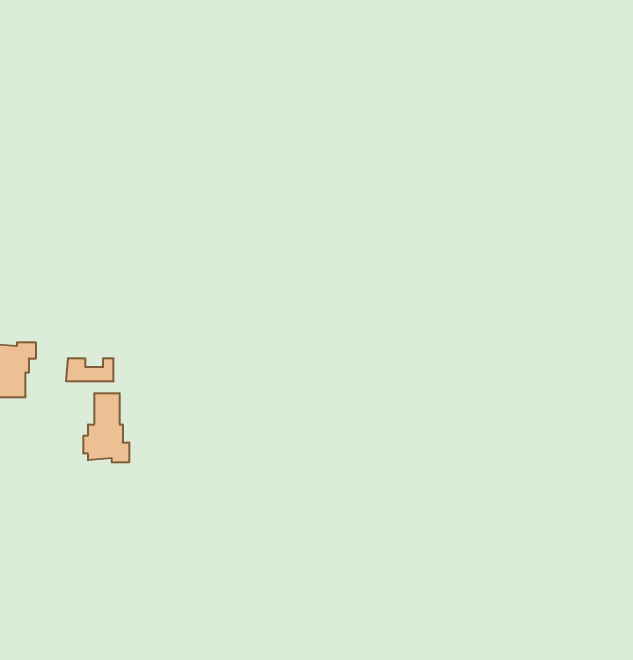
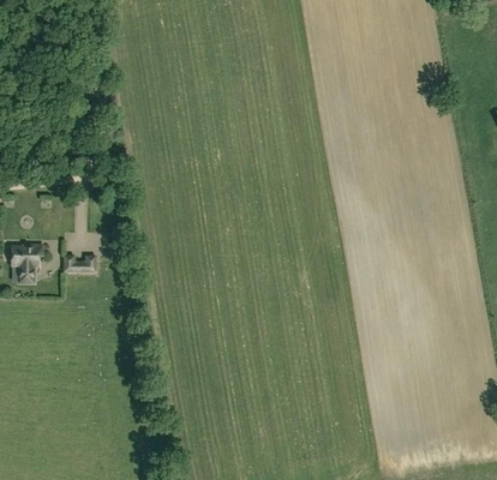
building: [83,393,129,462] -> none

